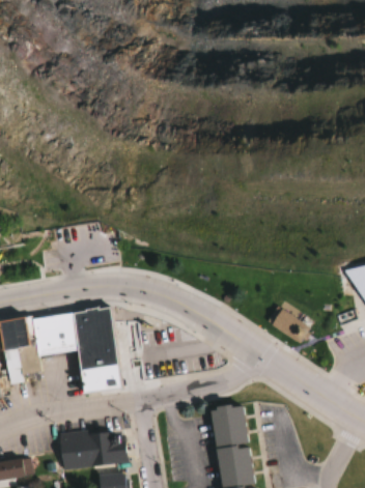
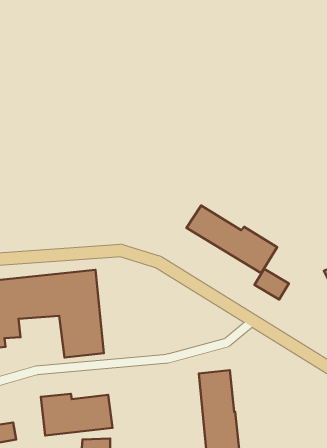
building: none -> [187,206,277,273]

